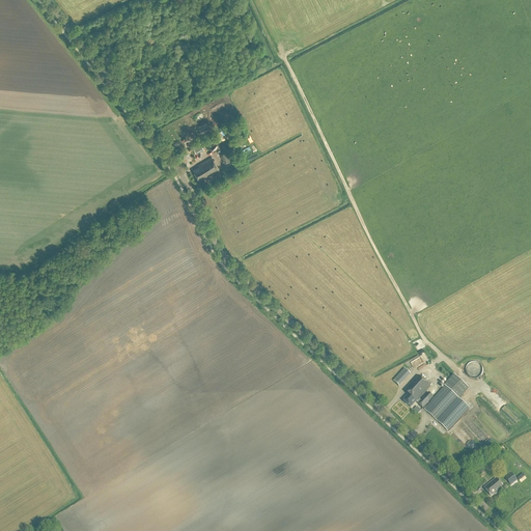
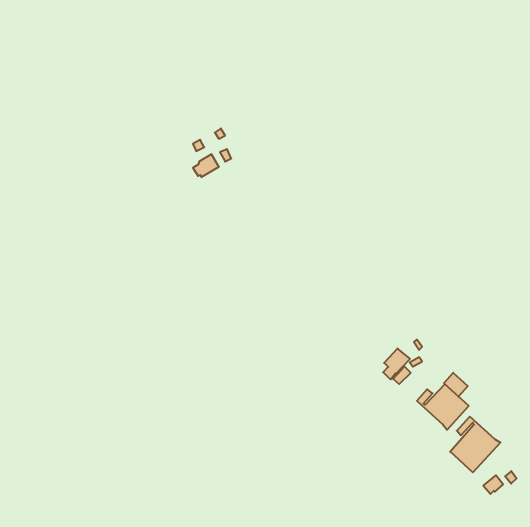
building: [402,374,429,406] -> [383,348,410,379]
building: none -> [450,417,500,472]

